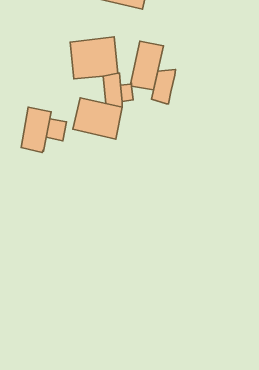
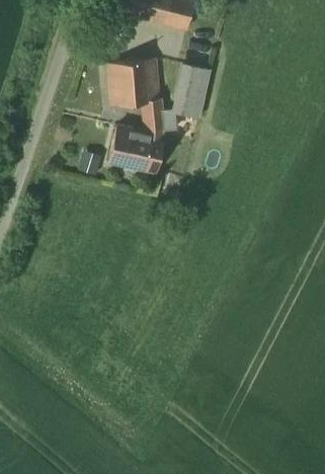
building: [152,69,175,104] -> none
building: [21,107,51,153] -> none

